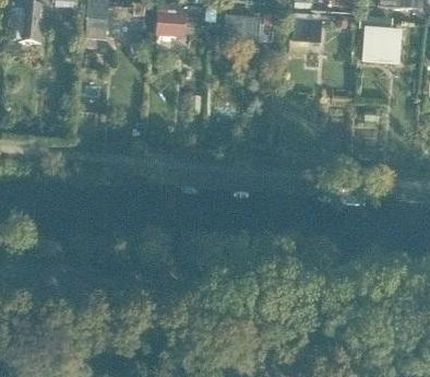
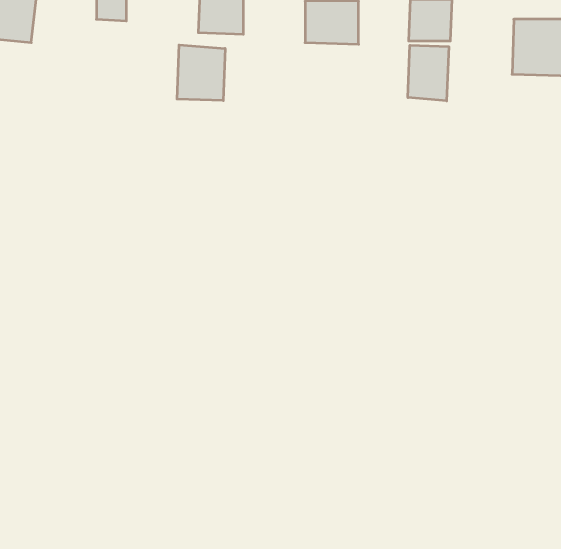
building: none -> [177,45,225,101]
building: none -> [408,45,449,101]

